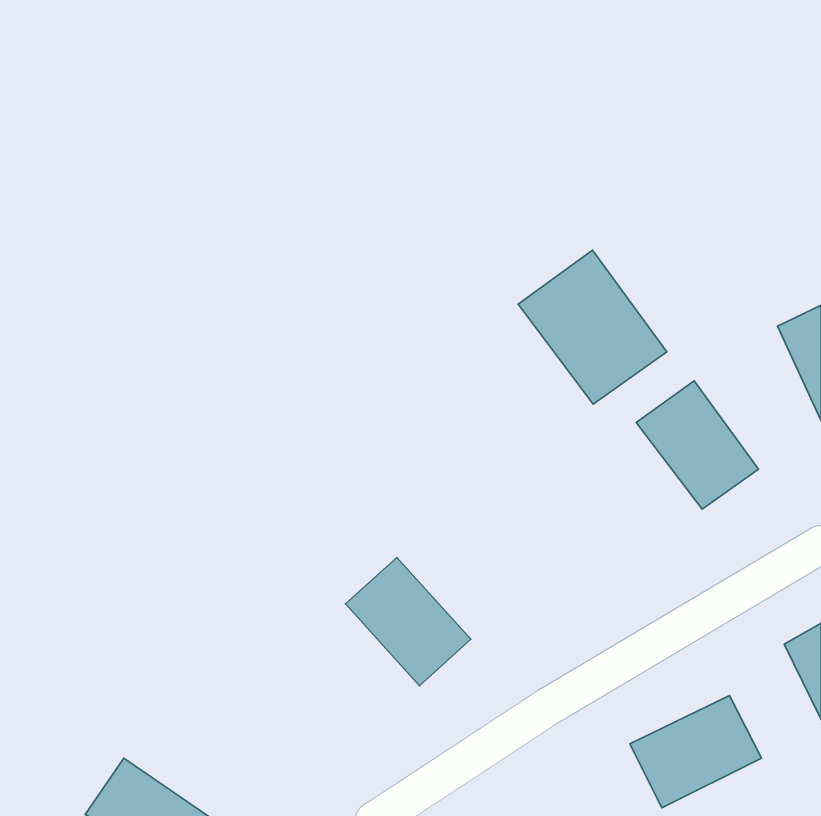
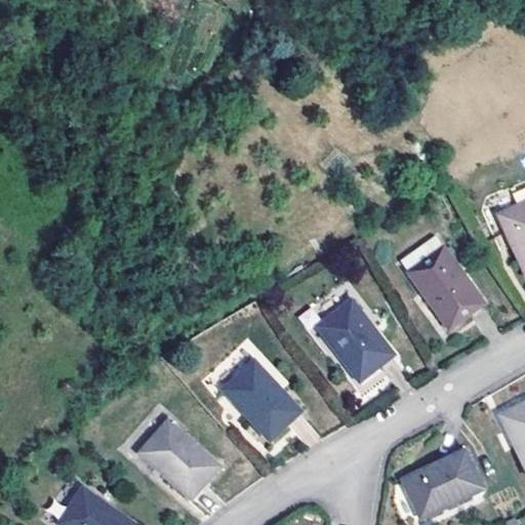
building: [518,250,667,404] -> none
building: none -> [316,299,394,381]
building: none -> [136,419,217,499]

